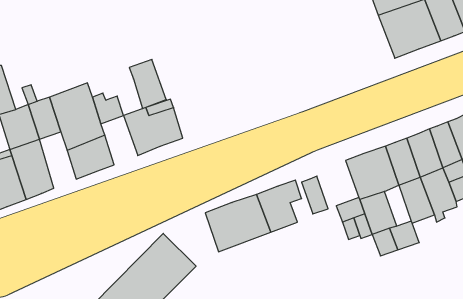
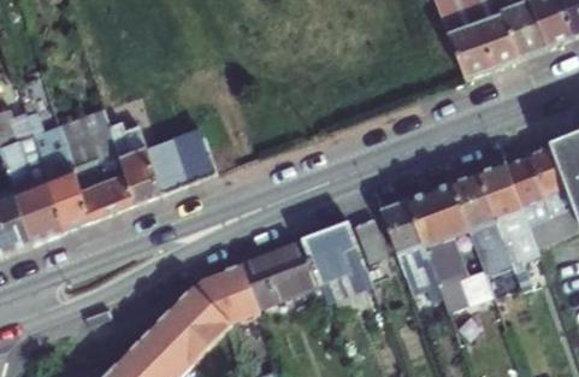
building: [129,59,166,109] -> [119,146,163,204]
building: none -> [47,165,90,231]
building: none -> [380,199,423,252]
building: none -> [319,243,371,301]
building: none -> [193,260,260,323]

